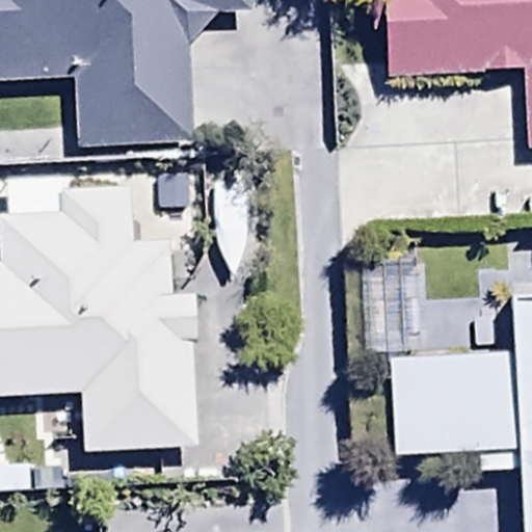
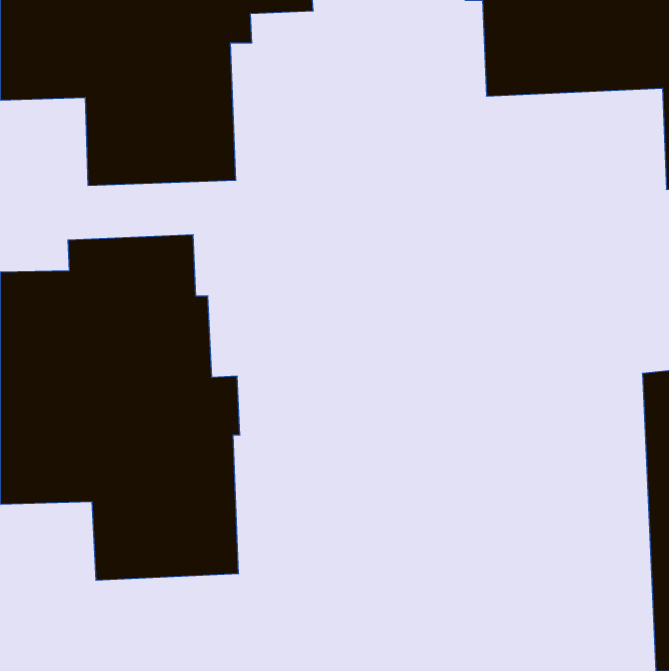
building: [391,351,511,471] -> none

